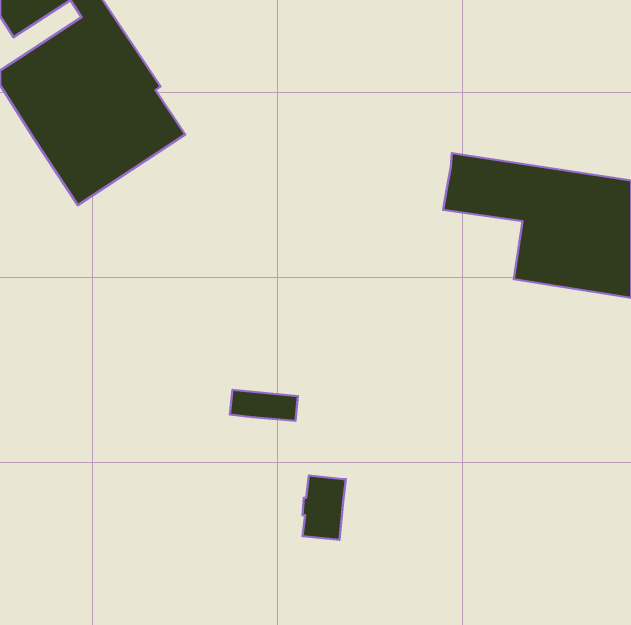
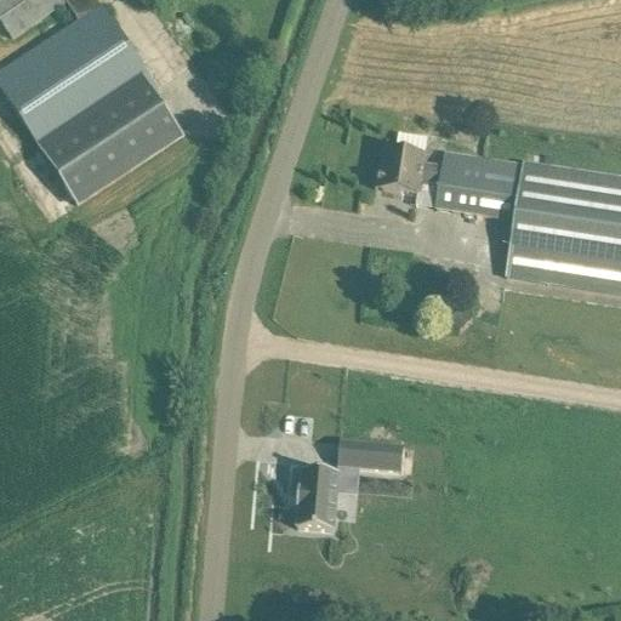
building: none -> [377,135,443,192]
building: [230,390,298,421] -> [338,439,405,469]

